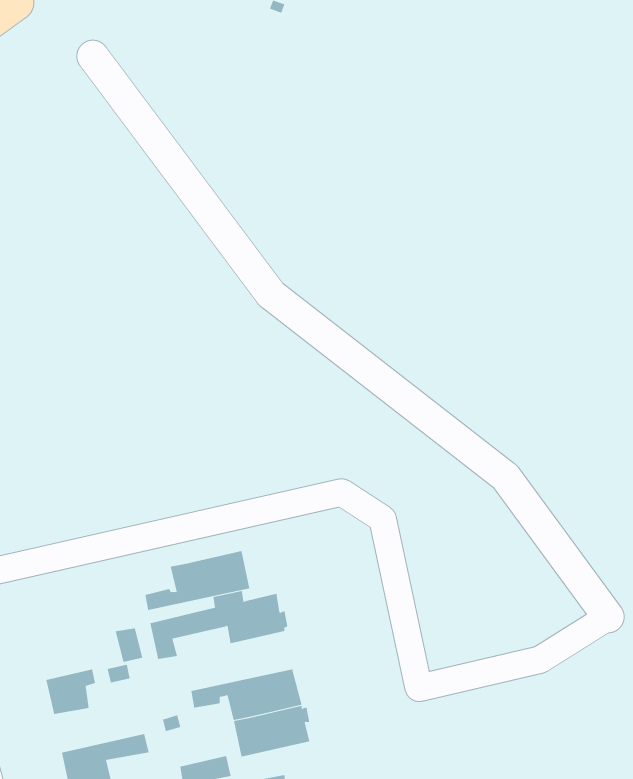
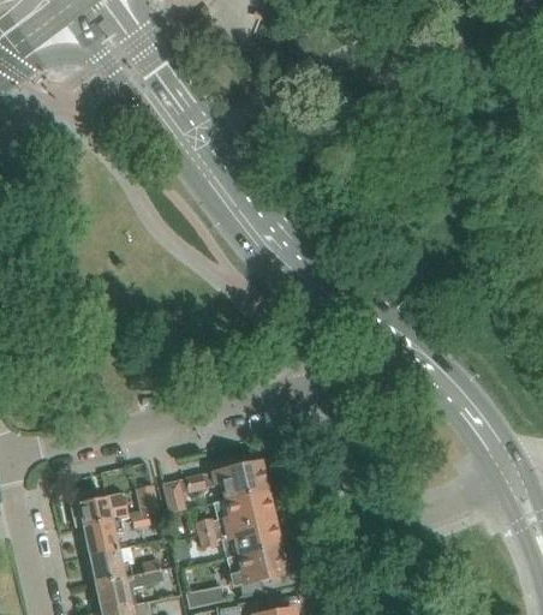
building: [144,551,250,610] -> [193,490,274,536]
building: none -> [71,494,129,527]
building: none -> [91,547,161,583]

